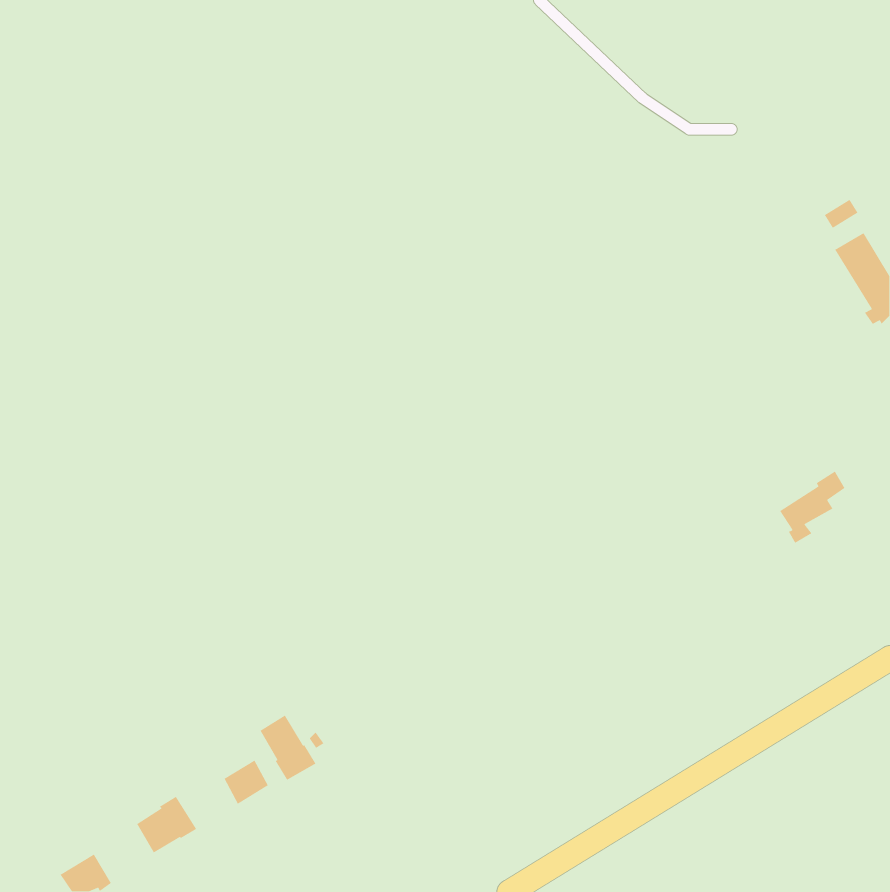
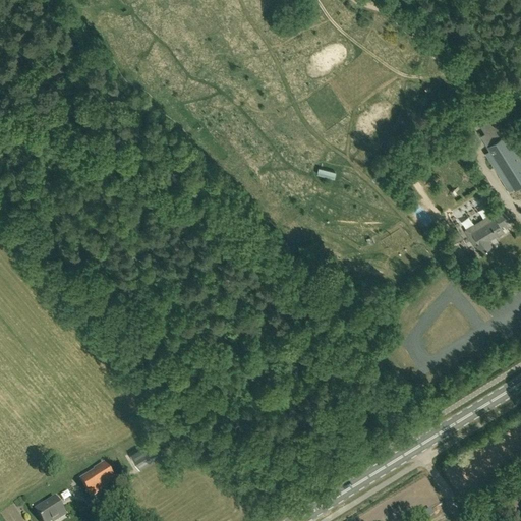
building: [779,471,846,544] -> [471,209,510,251]
building: [259,715,317,781] -> none

